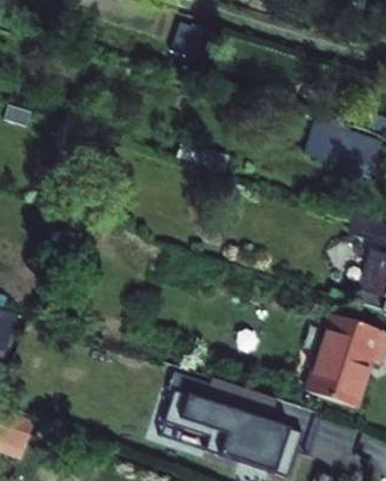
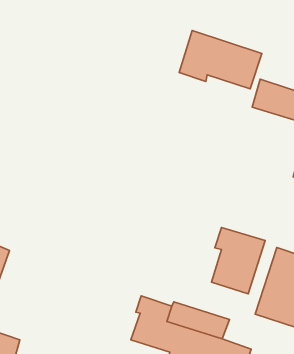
building: none -> [179,31,262,89]
building: none -> [211,228,265,294]

